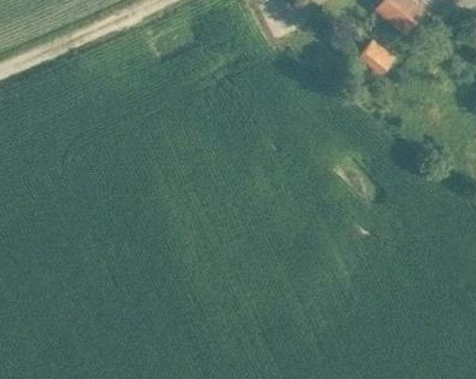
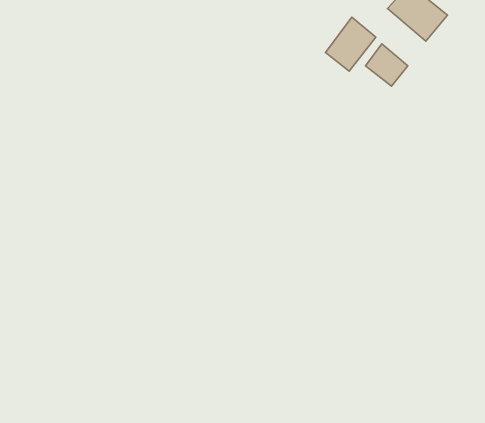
building: none -> [326,17,376,71]

